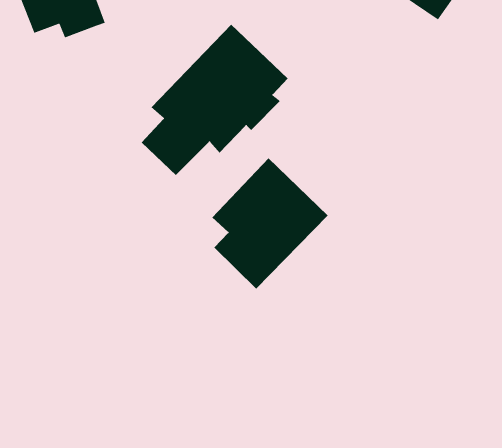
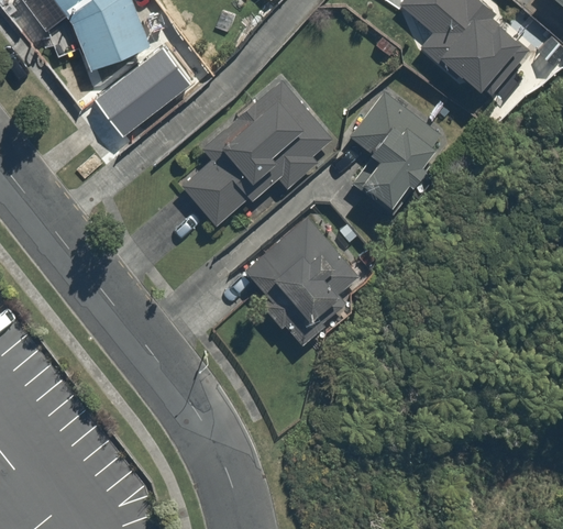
building: none -> [340,85,455,212]
building: none -> [104,69,172,132]

